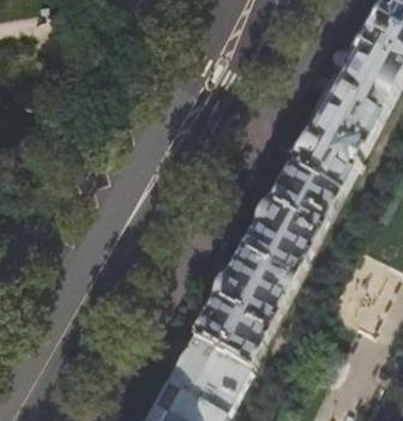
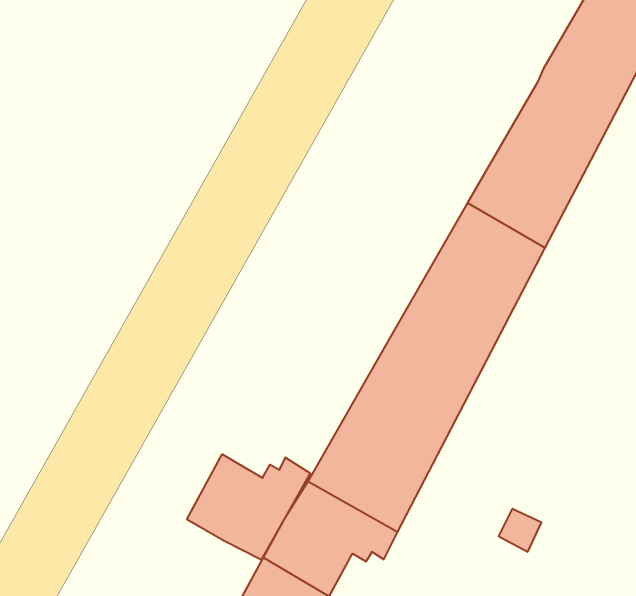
building: none -> [187,454,310,560]

